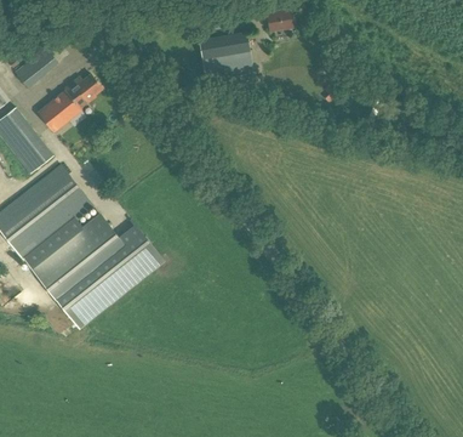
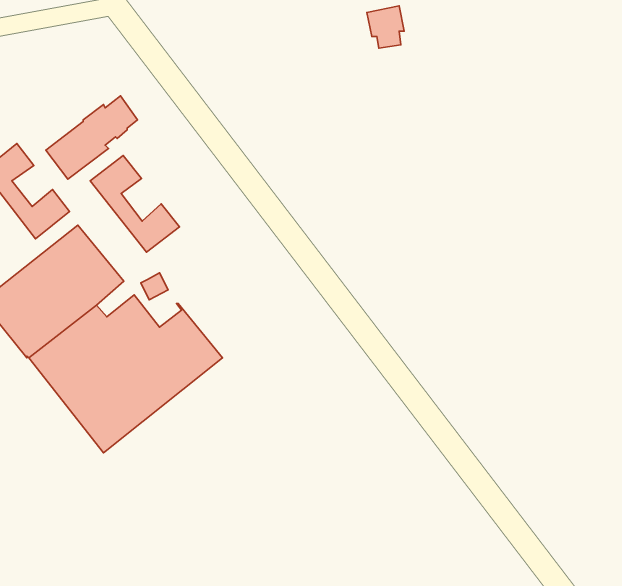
building: [200,32,255,83] -> none
building: [16,47,59,87] -> none
building: none -> [90,156,180,252]

